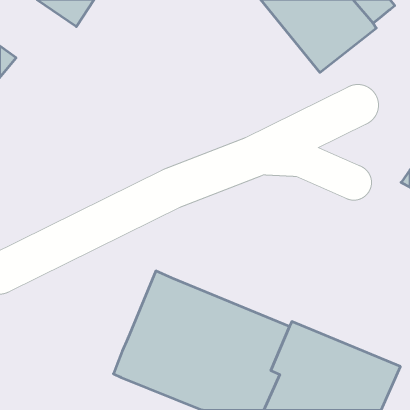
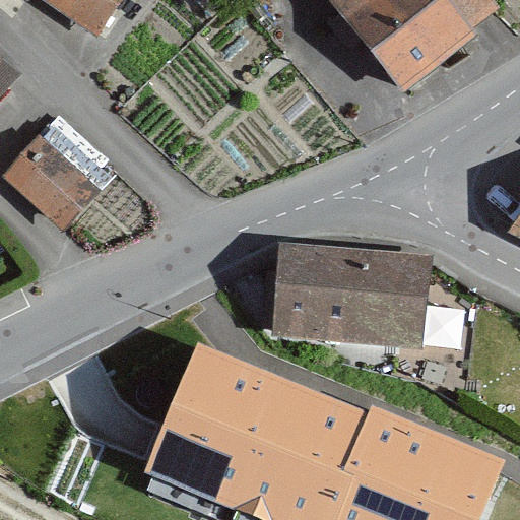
building: none -> [5,136,99,228]
building: none -> [271,255,429,349]

